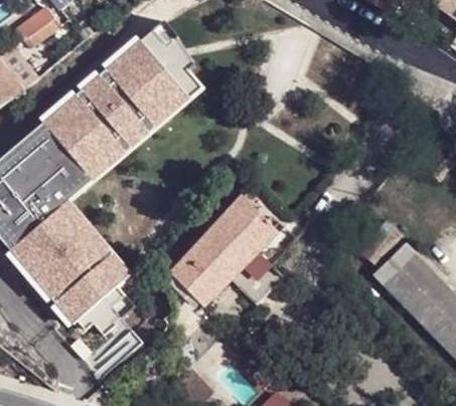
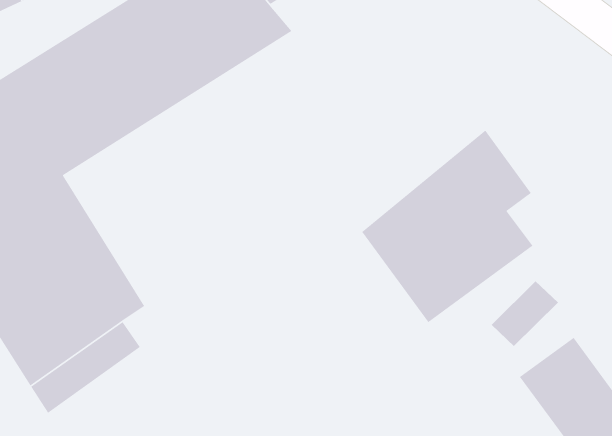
building: [171,192,285,324] -> [361,129,533,323]

